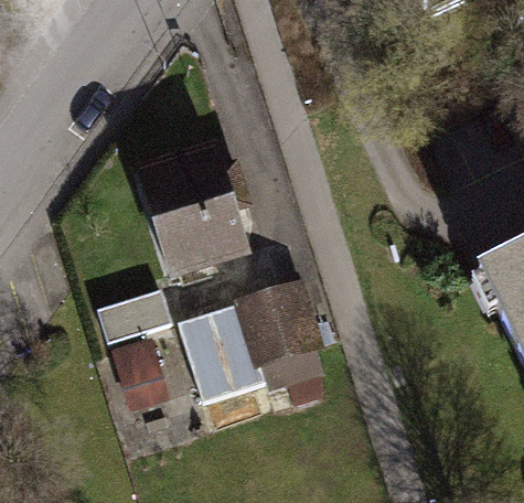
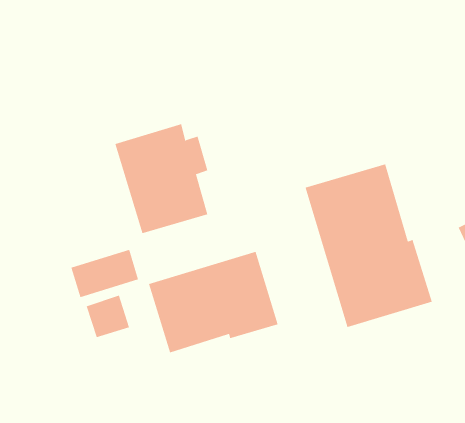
building: none -> [305,163,433,328]

